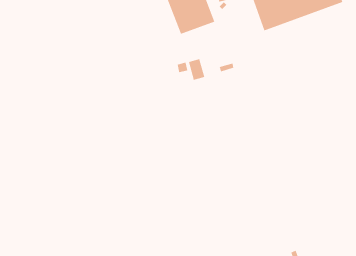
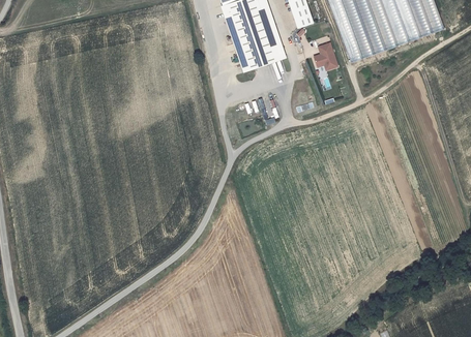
building: none -> [312,40,338,70]

